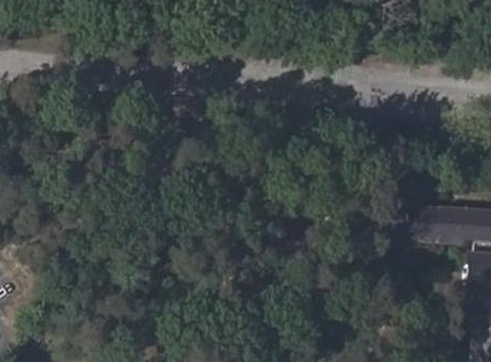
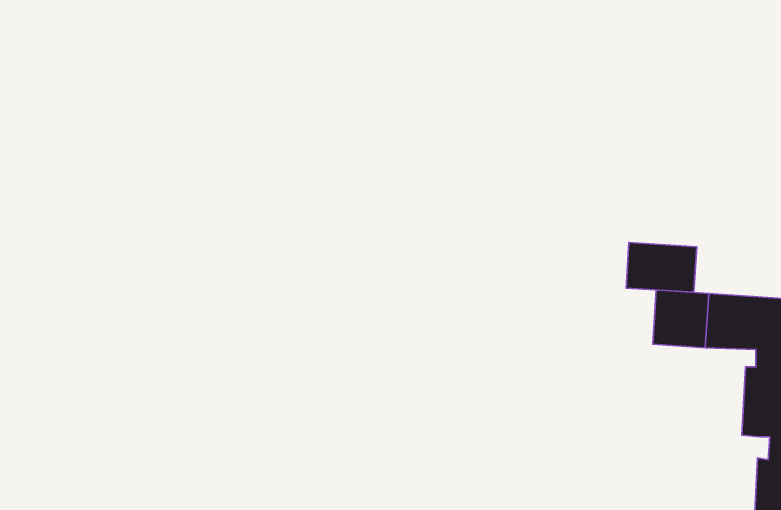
building: none -> [626,242,697,292]

